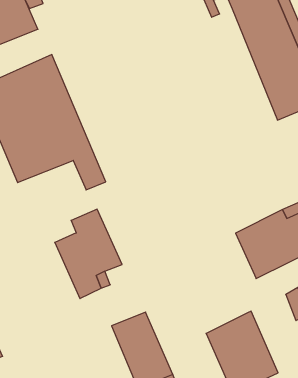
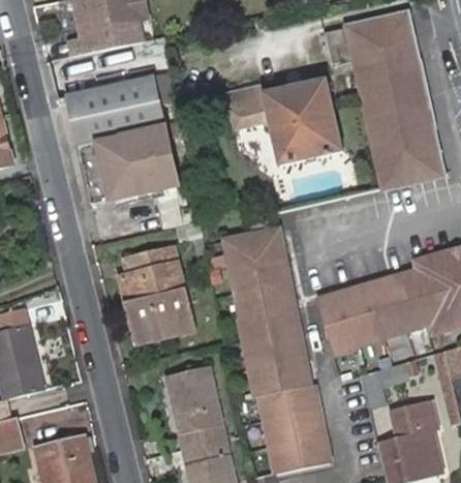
building: none -> [214,79,342,165]
building: none -> [224,229,315,402]

